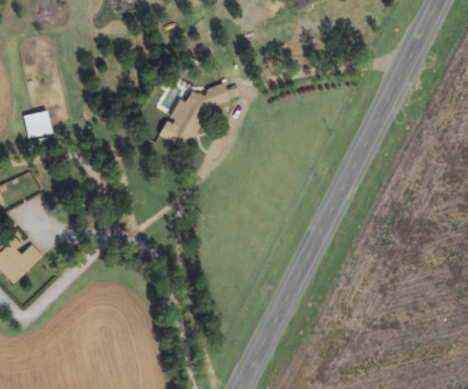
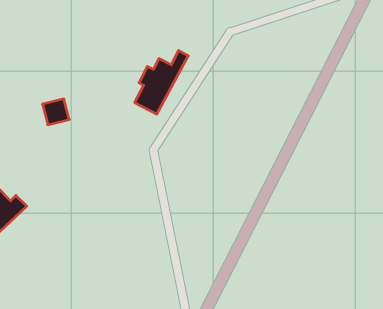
building: [22,109,52,138] -> [42,99,69,125]

